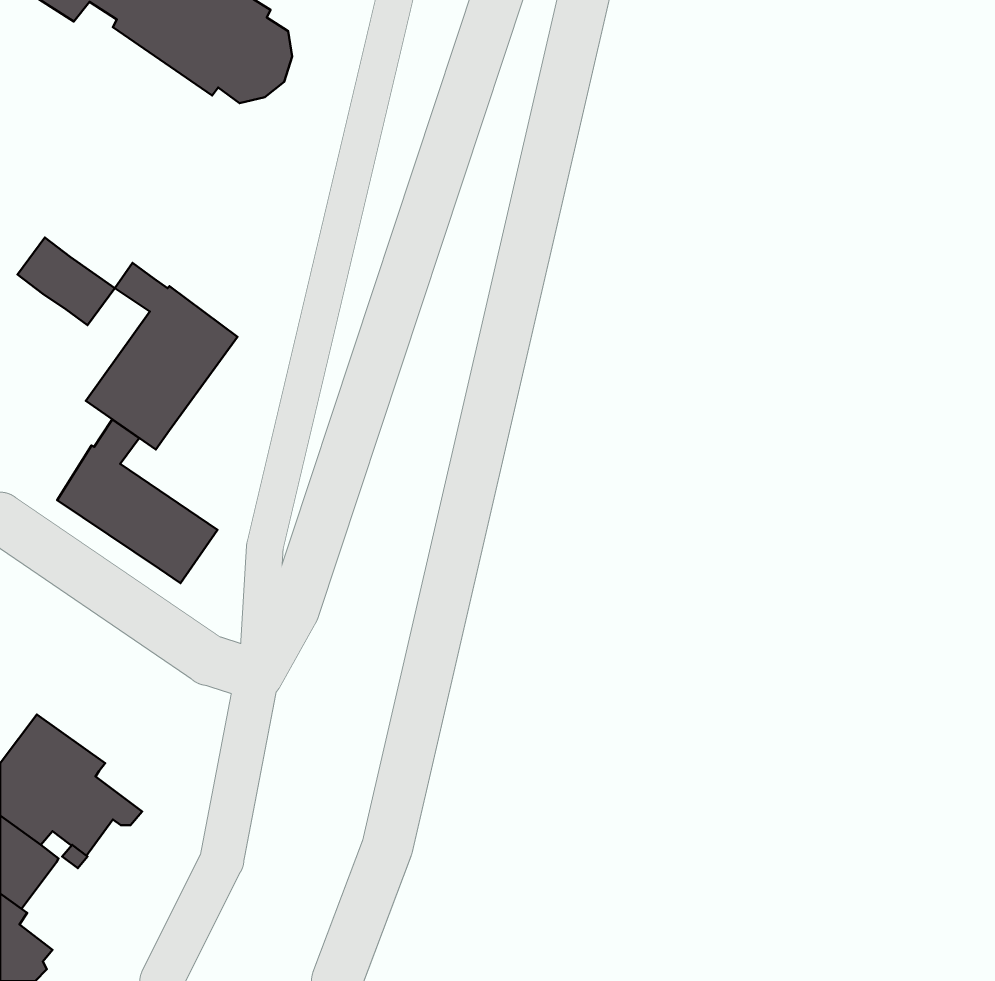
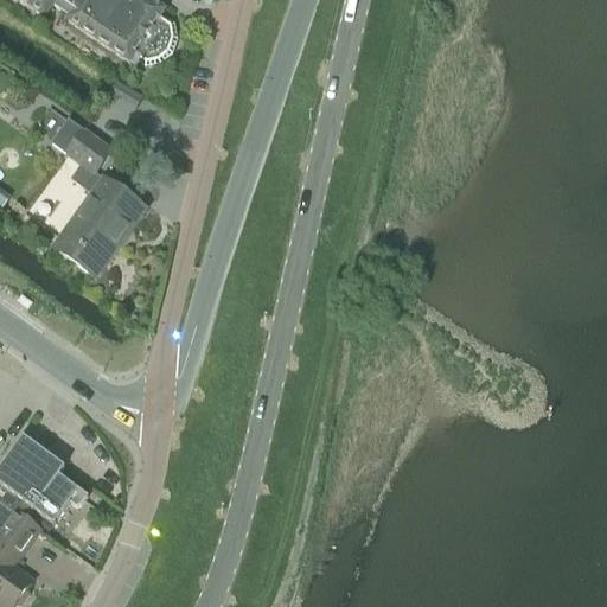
building: [18,237,115,325] -> [51,116,110,170]
building: [57,419,217,583] -> none

